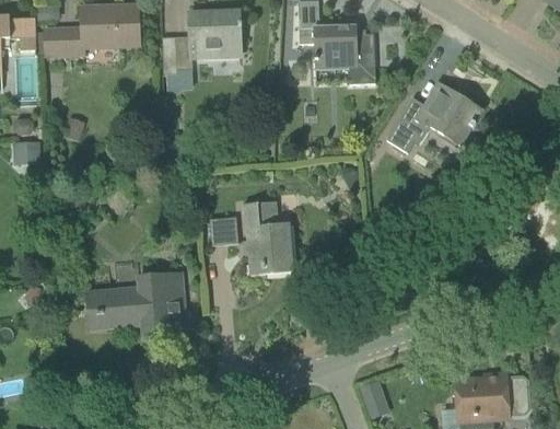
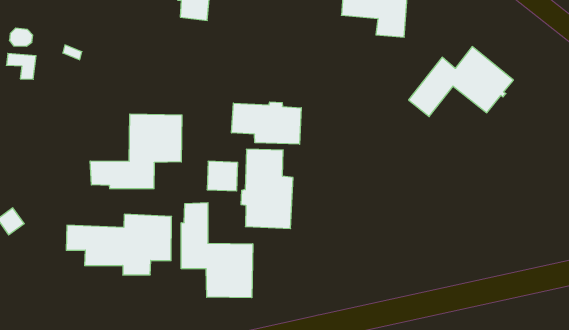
building: none -> [232,102,301,144]
building: none -> [90,114,182,189]
building: none -> [181,203,253,298]

